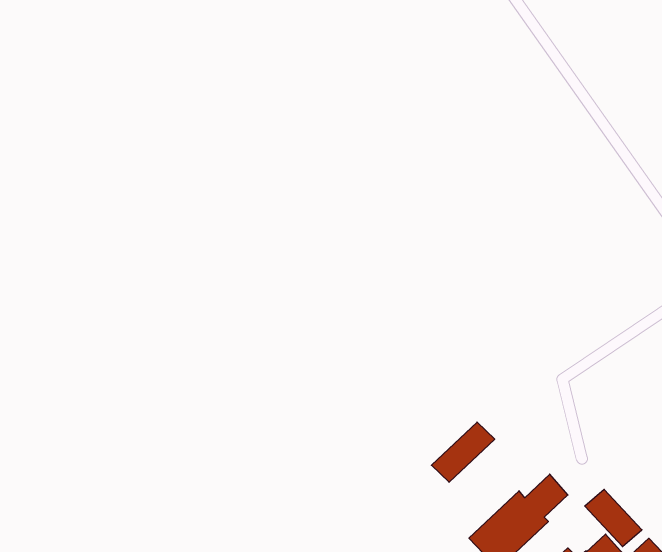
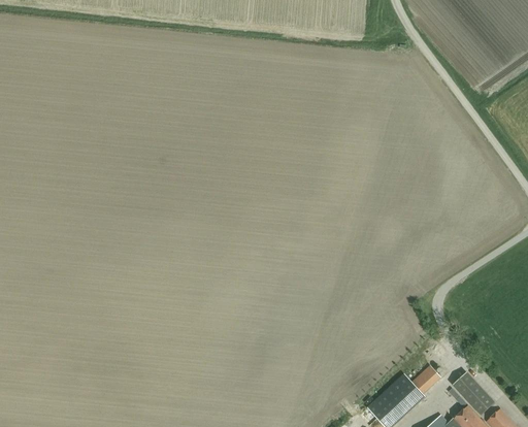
building: [431,422,495,482] -> none

